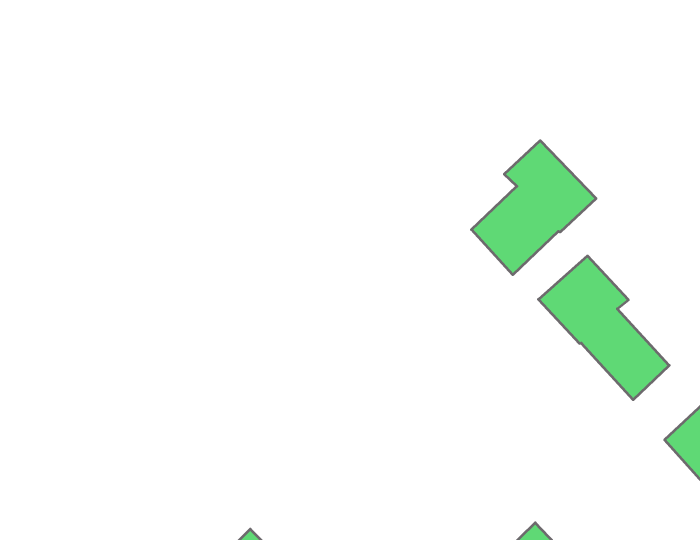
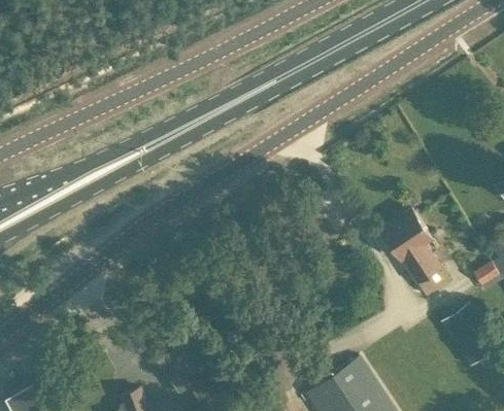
building: [471,141,596,275] -> none

